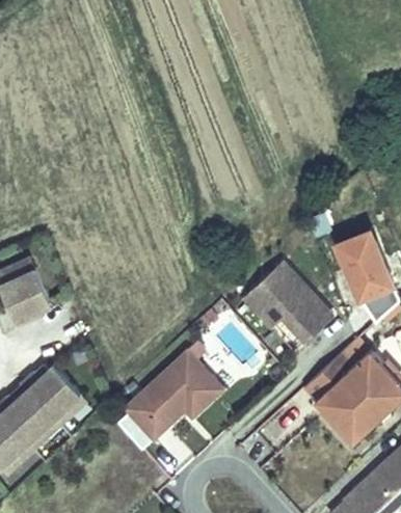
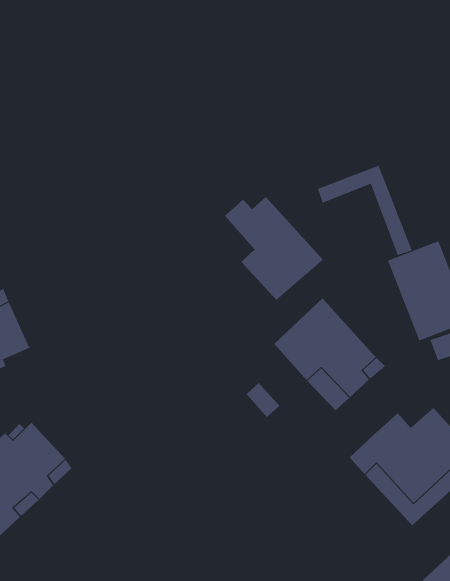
building: none -> [317,165,413,256]
building: none -> [224,196,324,301]
building: [122,352,220,440] -> none

